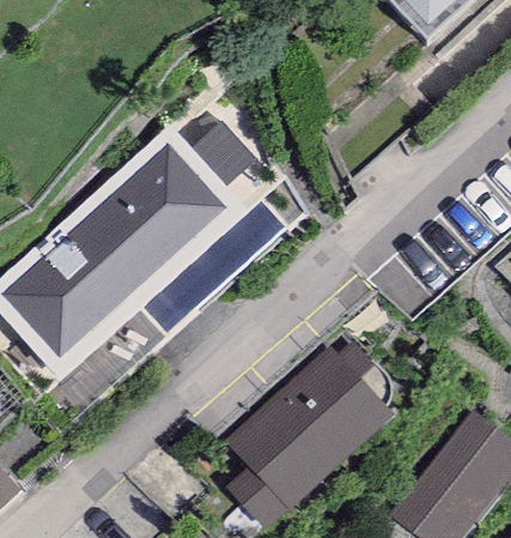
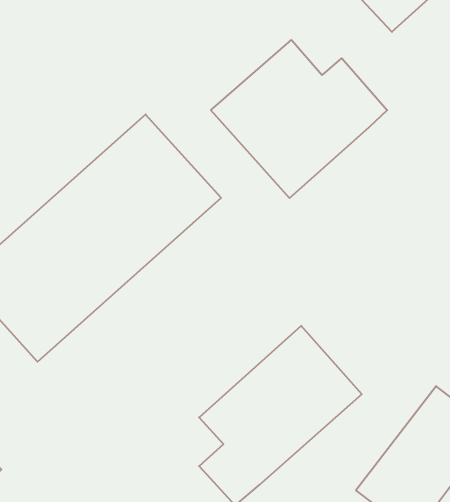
building: none -> [211,40,387,198]

